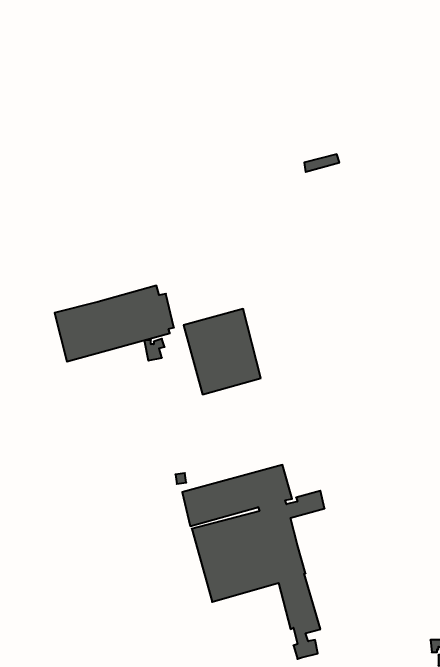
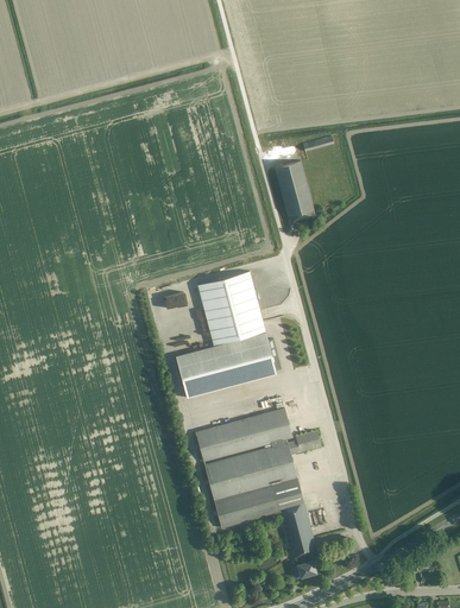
building: none -> [273,159,314,221]
building: [55,286,174,362] -> [175,331,279,398]

